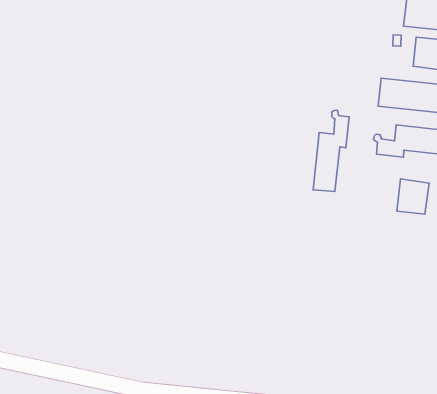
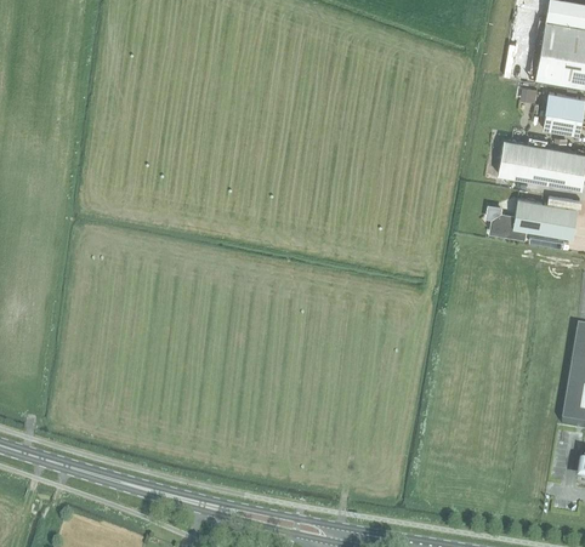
building: [313,110,349,192] -> none
building: [397,179,429,214] -> none

